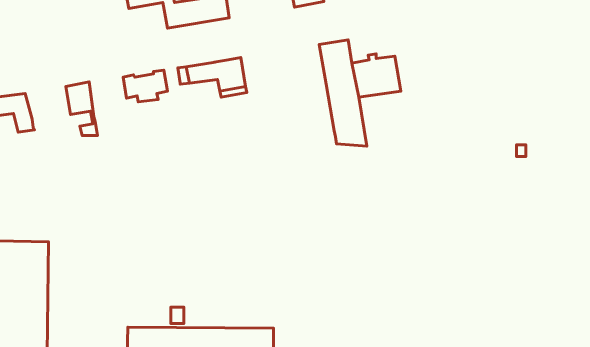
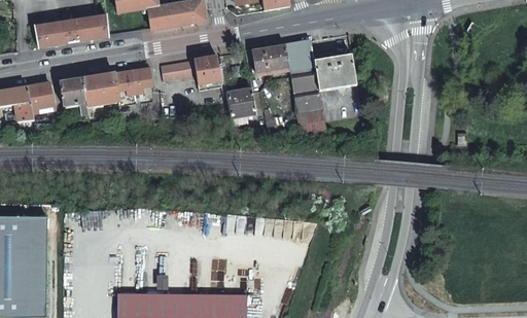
building: none -> [35,15,108,46]
building: none -> [252,44,291,79]
building: none -> [82,73,117,108]
building: none -> [26,82,57,110]
building: none -> [225,89,256,118]

